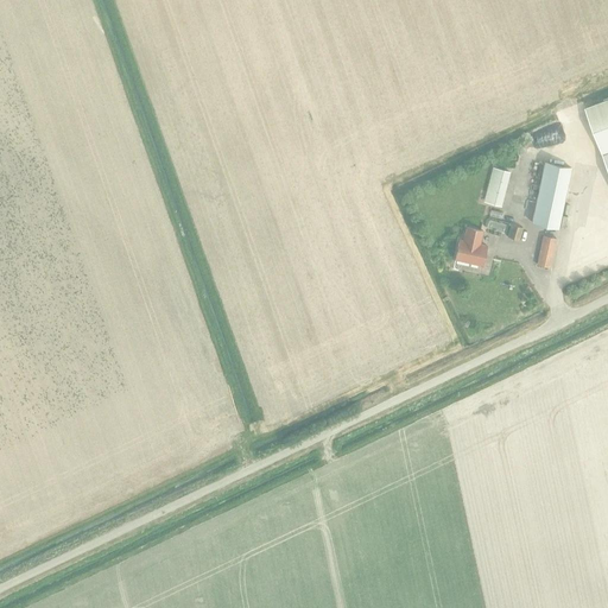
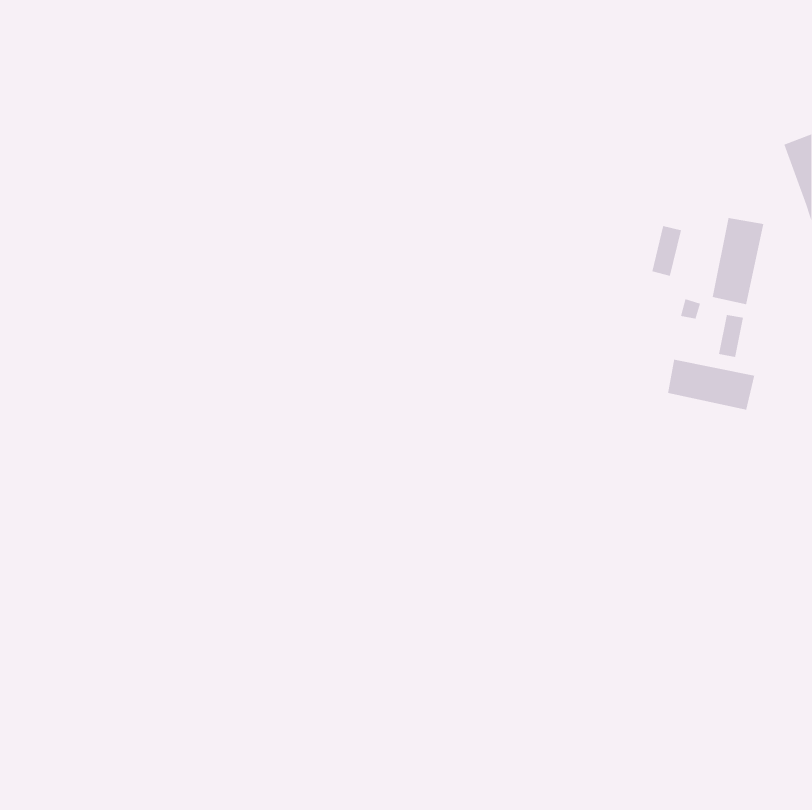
building: [455,228,487,266] -> none
building: none -> [667,359,755,411]

